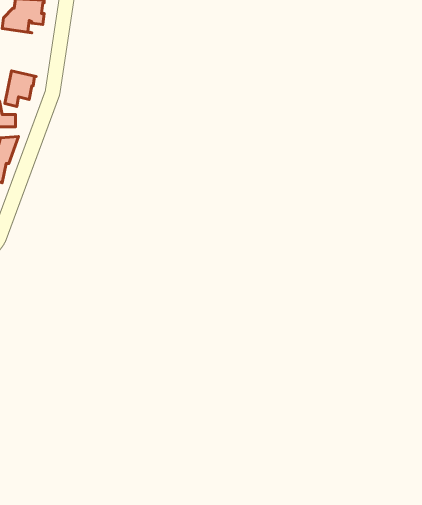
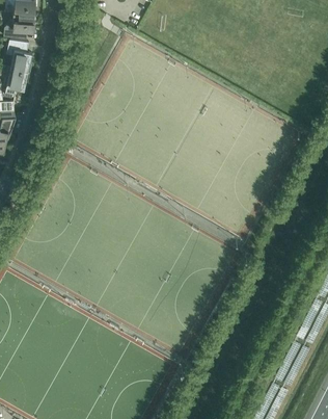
building: none -> [6,40,31,73]

